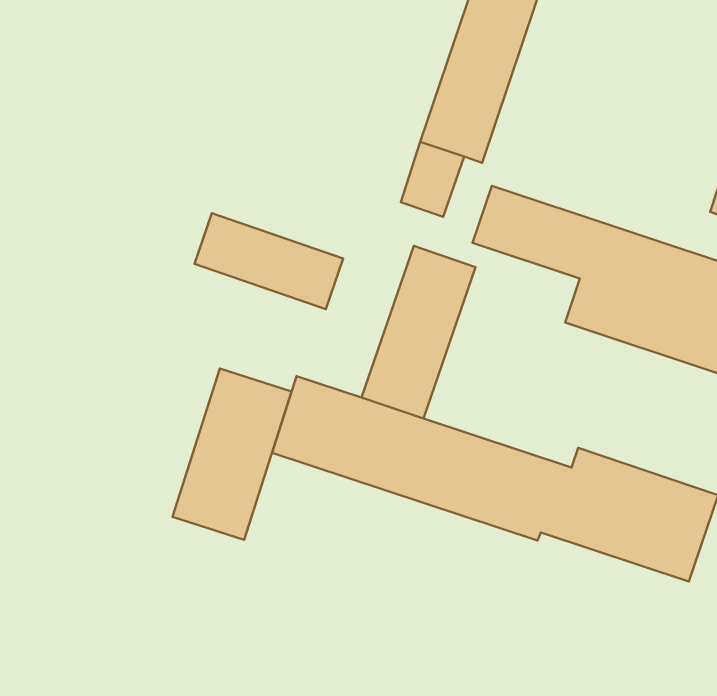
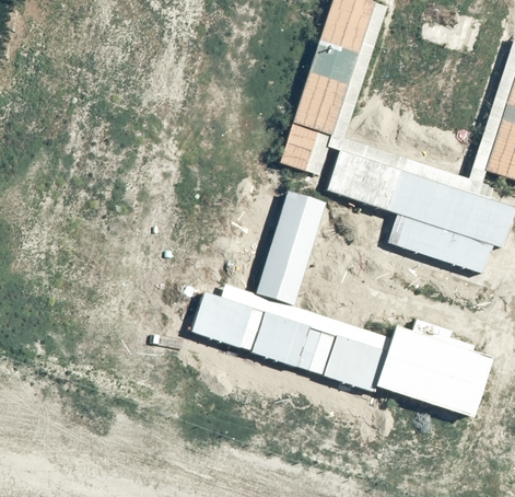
building: [194,213,343,309] -> none
building: [173,369,292,540] -> none

